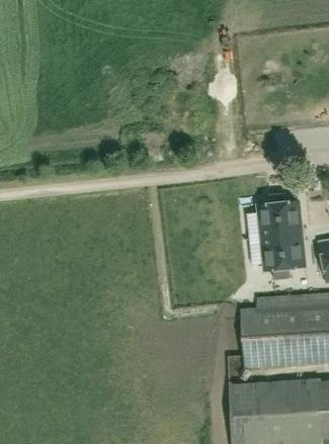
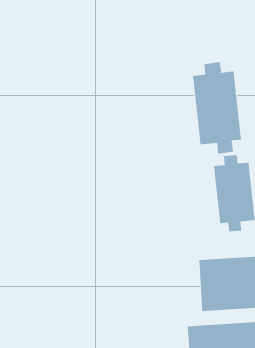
building: none -> [192,61,242,155]

